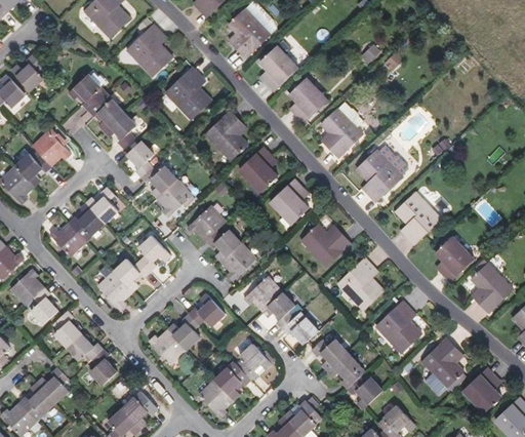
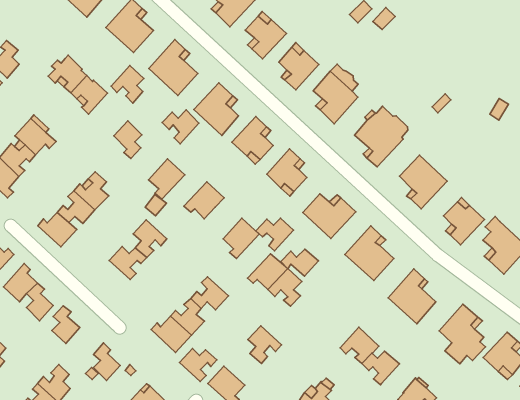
building: [105,112,136,148] -> [111,65,144,103]
building: [142,165,176,197] -> [162,110,199,144]
building: [207,228,243,259] -> [256,218,293,251]
building: [97,263,132,309] -> none
building: [283,317,319,343] -> [281,249,319,276]
building: [67,332,103,360] -> none
building: [312,339,347,370] -> none
building: [215,367,251,399] -> [179,349,217,381]

